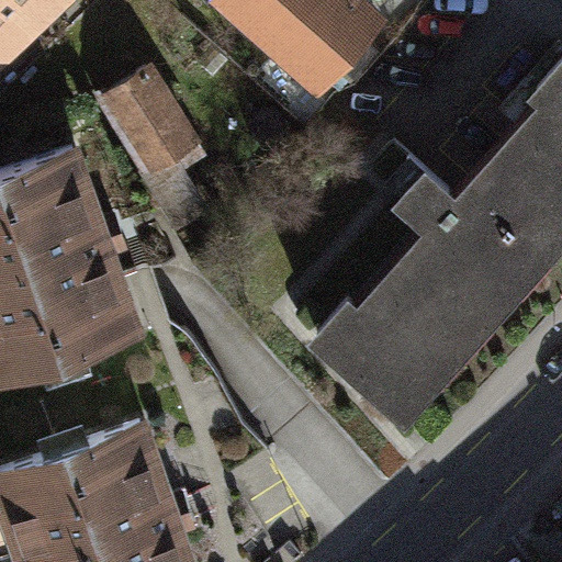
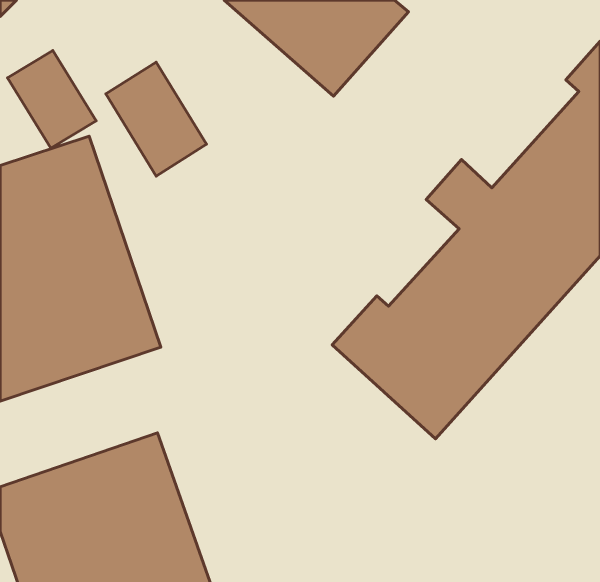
building: none -> [8,50,96,148]

